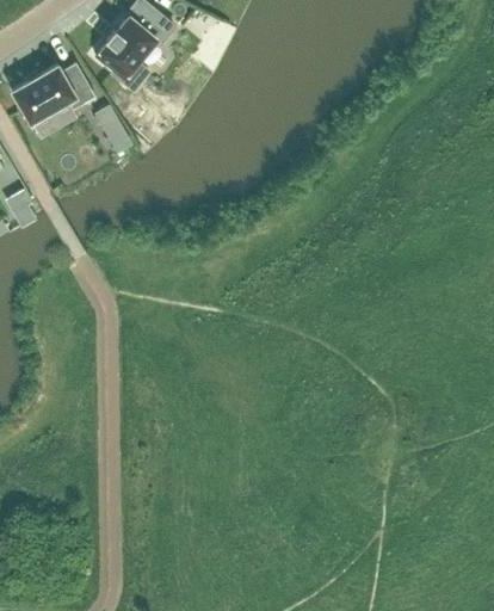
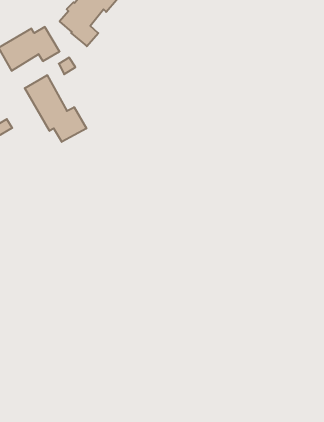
building: none -> [25,75,86,142]

